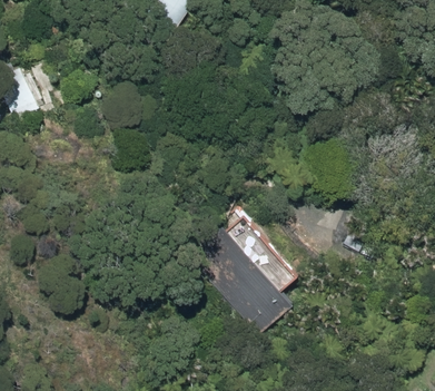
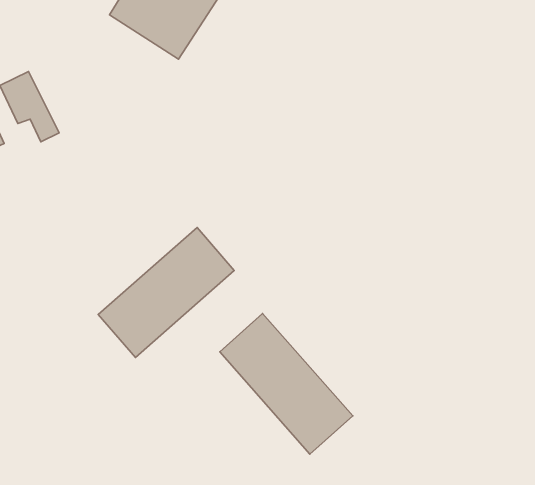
building: none -> [98,227,234,358]

